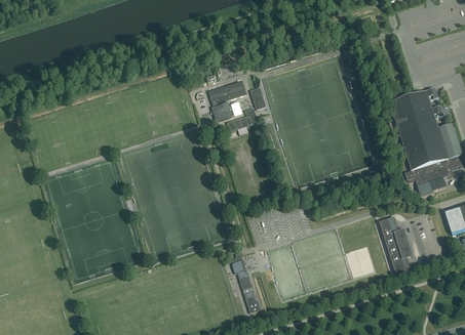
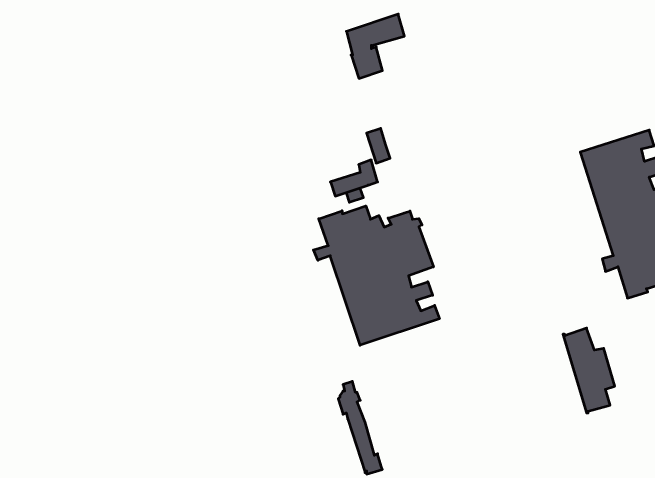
building: [208,79,246,121] -> [346,14,404,78]
building: none -> [313,206,439,345]

